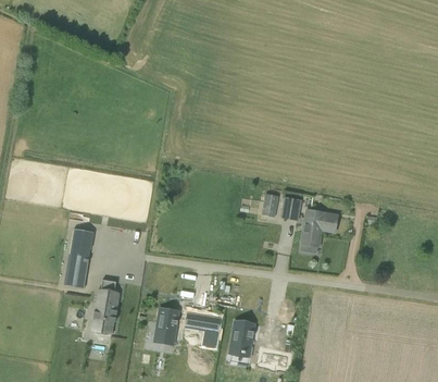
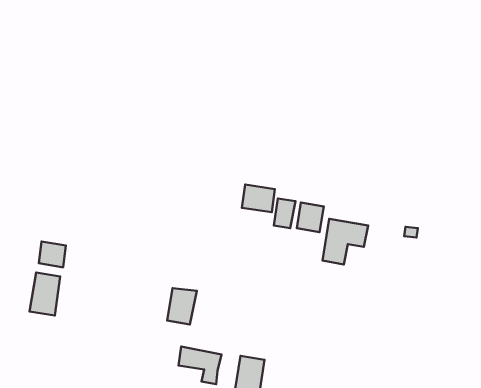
building: none -> [242,185,275,212]
building: [96,291,115,334] -> none
building: [155,308,179,337] -> [167,288,197,324]

